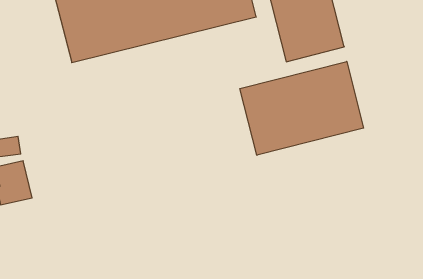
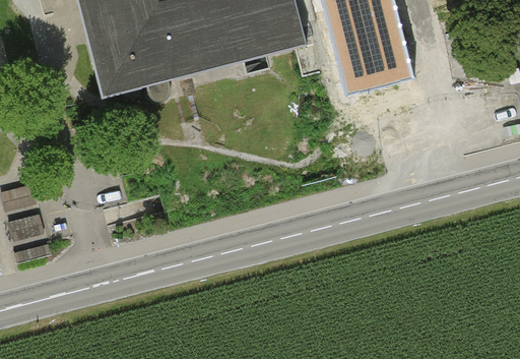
building: [240,61,364,155] -> none

